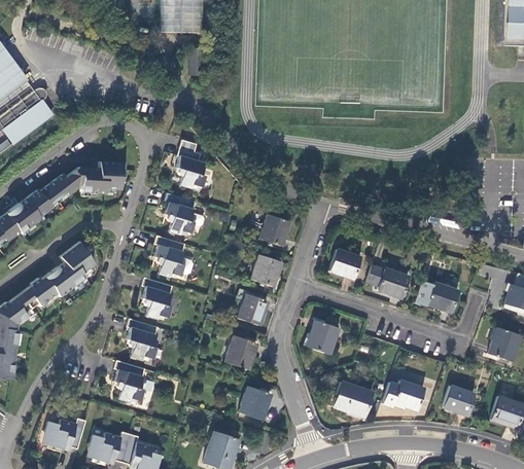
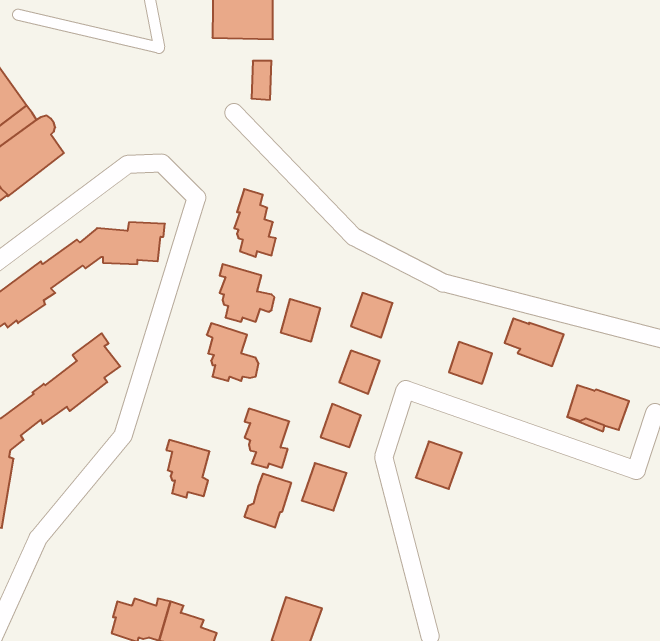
building: none -> [281,299,320,342]
building: [366,264,409,298] -> [505,318,564,366]
building: [142,277,174,319] -> [245,409,289,468]
building: none -> [245,474,291,528]
building: [115,360,146,401] -> none
building: [333,381,373,418] -> none
building: [382,381,424,410] -> none
building: [443,386,474,416] -> none
building: [239,387,270,420] -> none
building: [45,418,86,449] -> none

